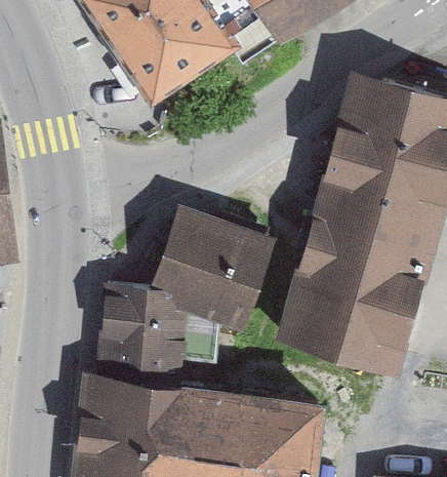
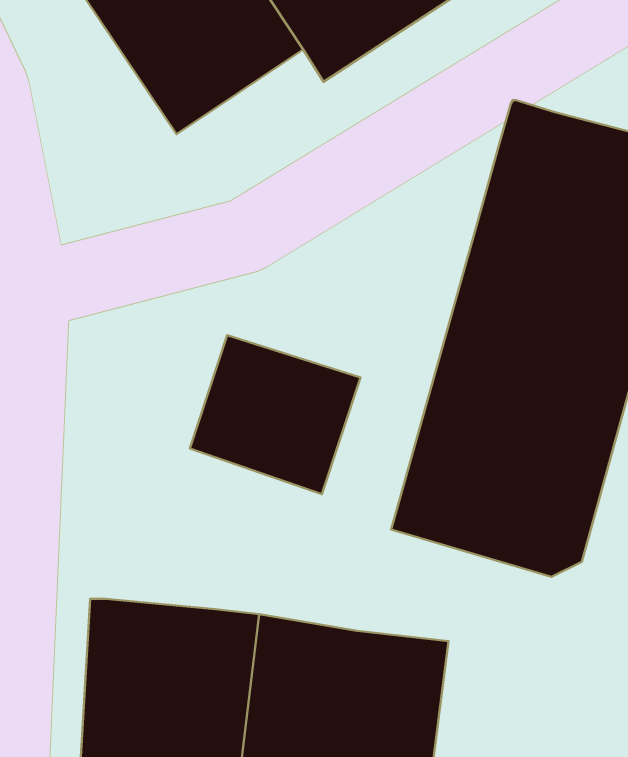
building: [105,288,236,386] -> none

